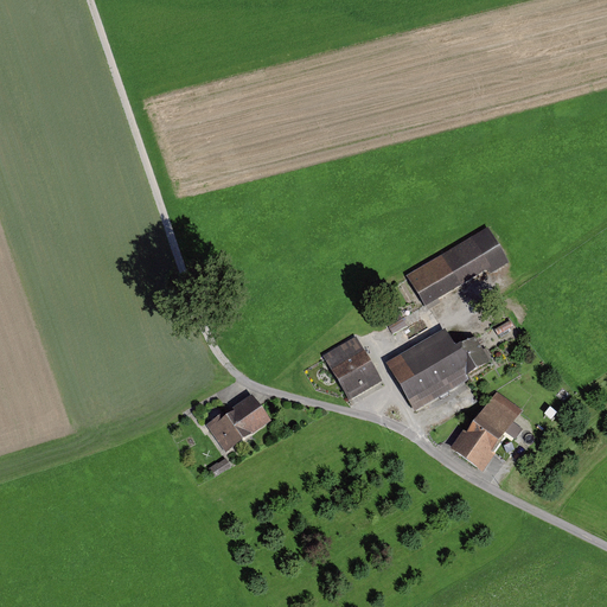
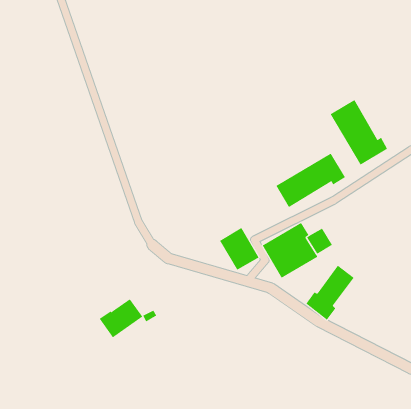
building: none -> [330,99,388,165]
building: [205,394,270,452] -> [99,299,143,338]

